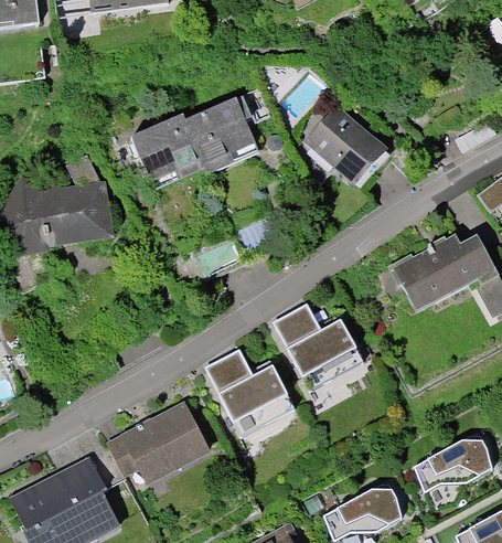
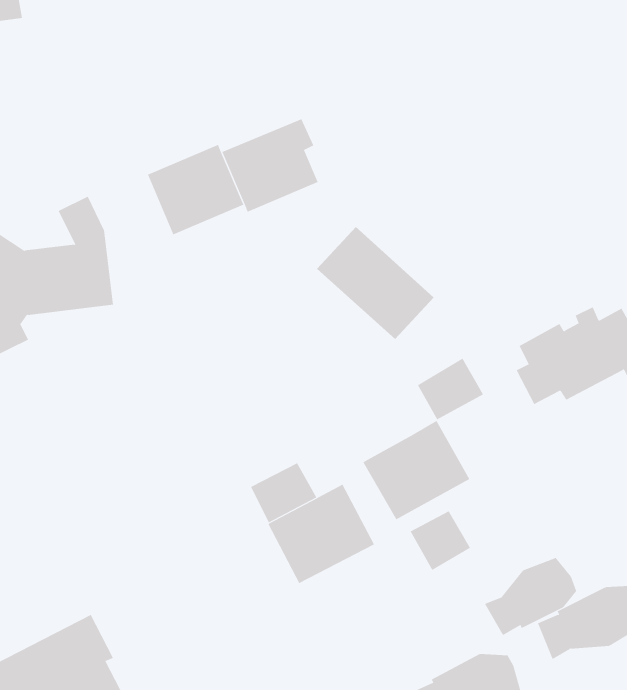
building: [307,109,393,192] -> [316,226,435,340]
building: [274,301,322,347] -> [417,358,484,420]
building: none -> [410,510,471,571]
building: [108,406,207,482] -> none
building: none -> [484,557,577,636]

